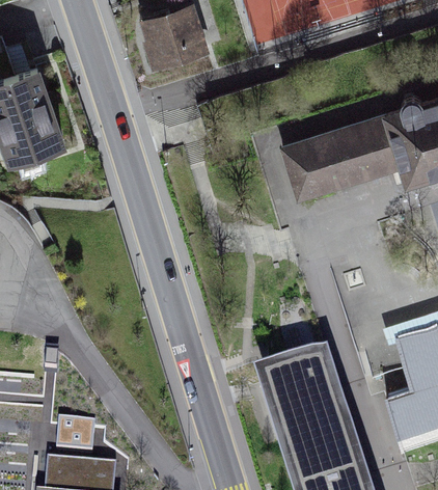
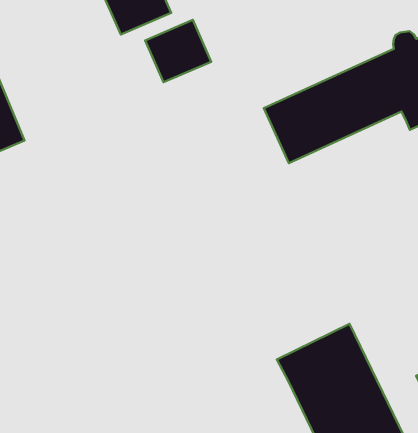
building: none -> [145,20,211,82]

